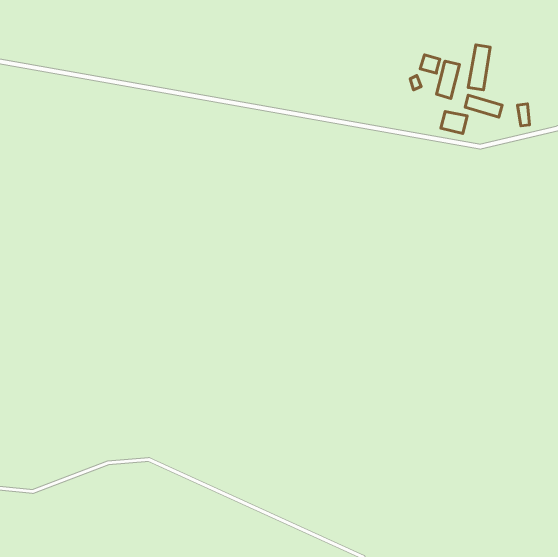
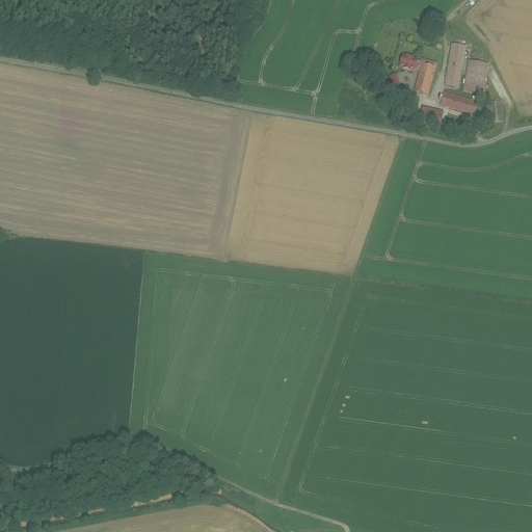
building: none -> [463,59,487,92]

